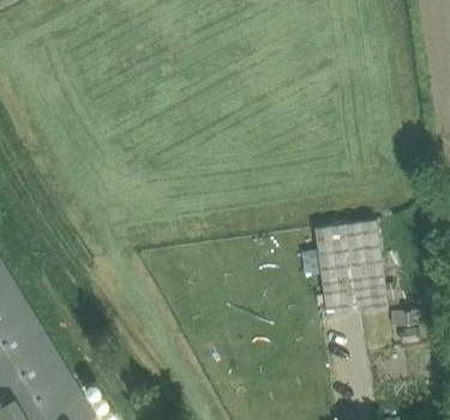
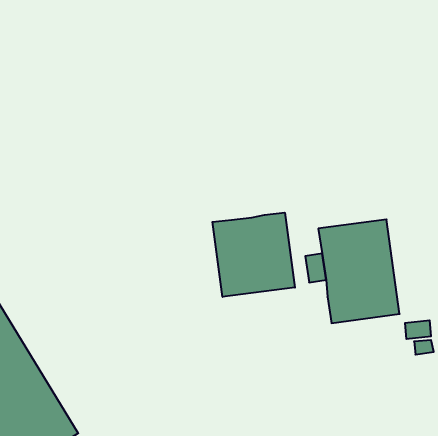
building: none -> [212,213,295,297]

